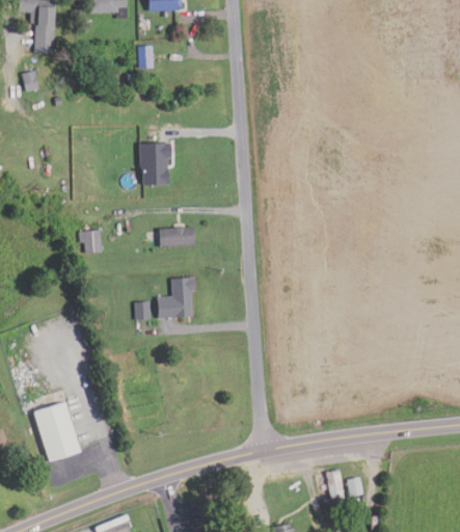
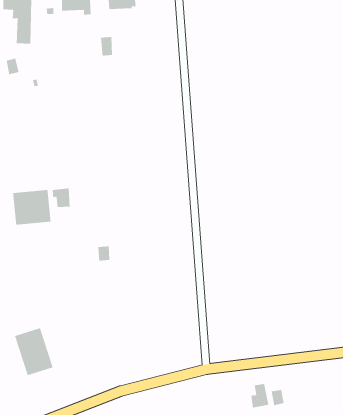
building: [139,143,171,186] -> none
building: [160,225,195,245] -> none
building: none -> [13,189,51,226]
building: [157,275,195,317] -> none

